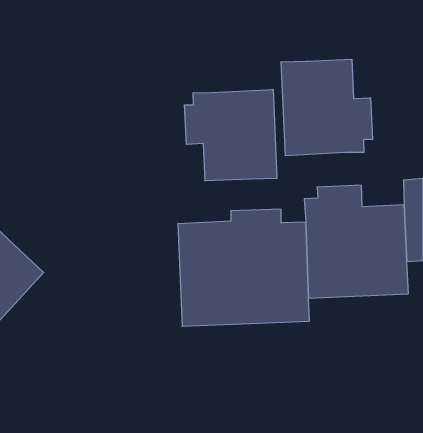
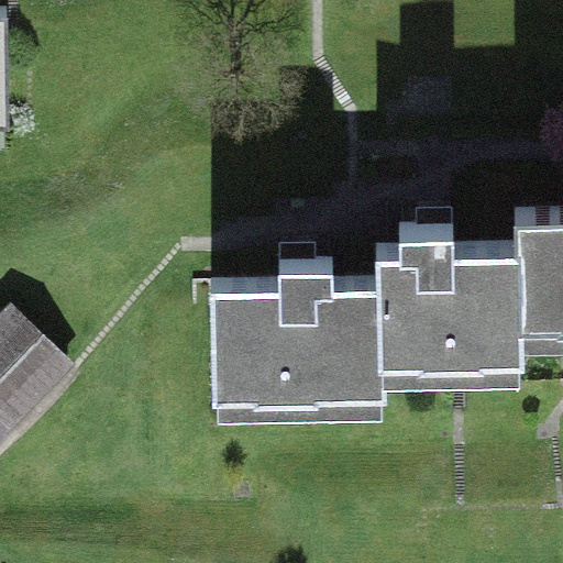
building: [281,59,372,156] -> none
building: [185,89,277,181] -> none

